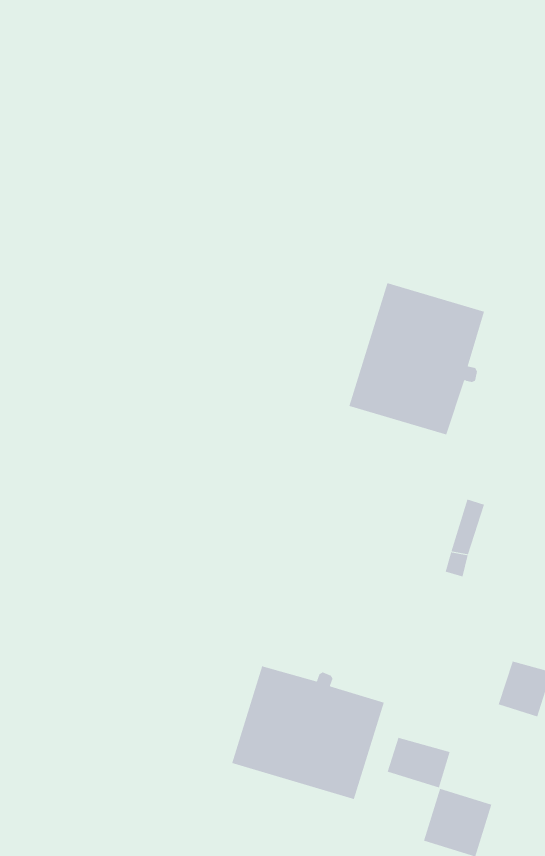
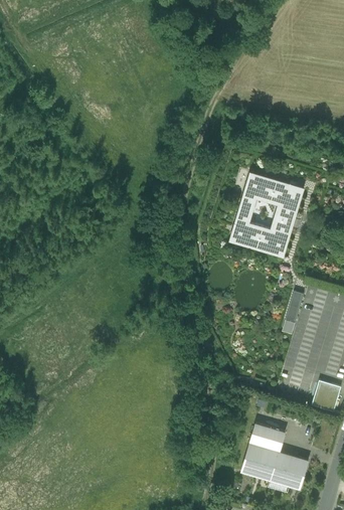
building: [231,666,384,800] -> none
building: none -> [240,443,279,481]

